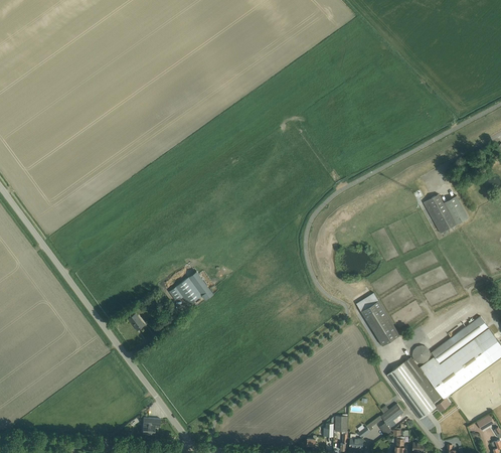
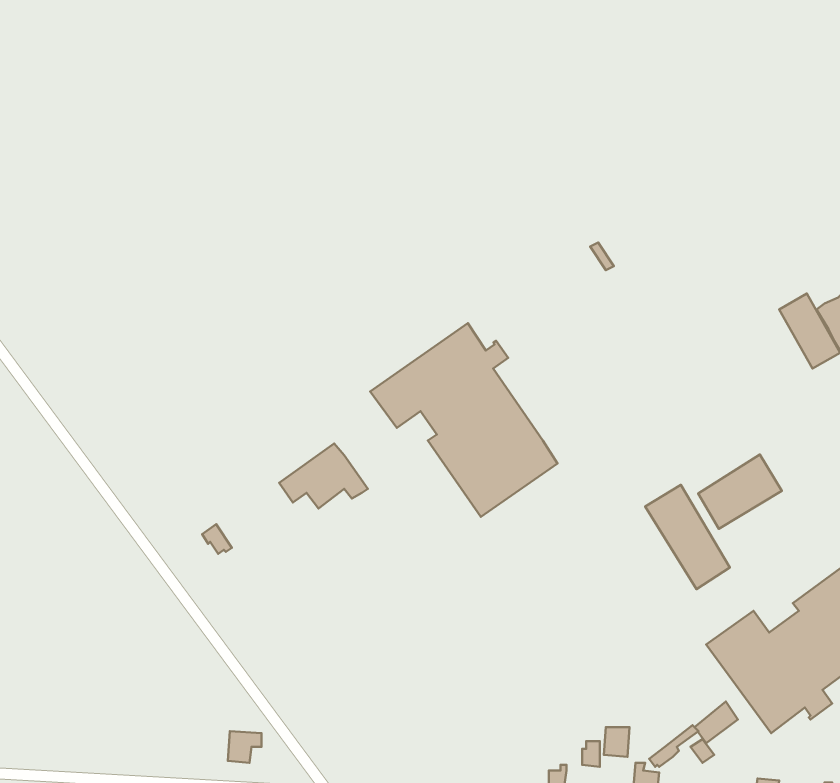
building: none -> [370,323,557,517]
building: none -> [698,455,782,529]

